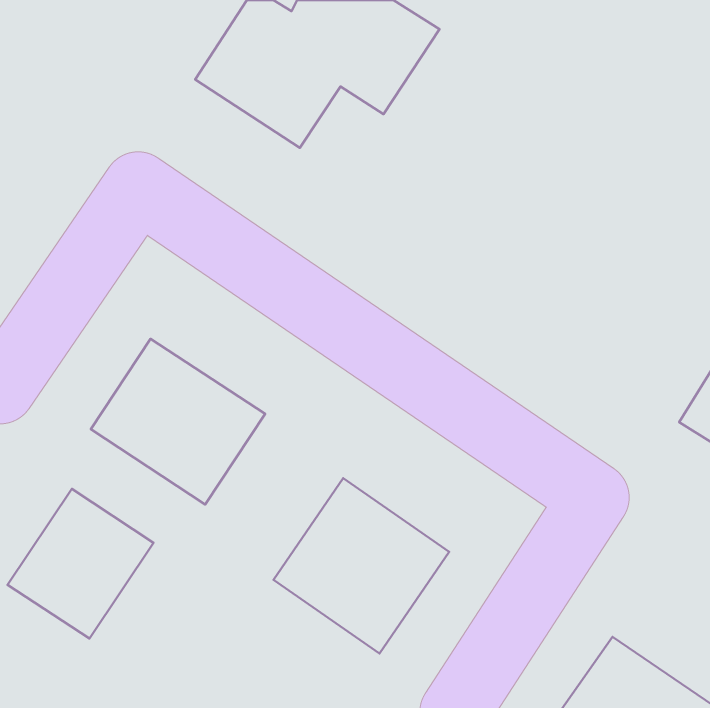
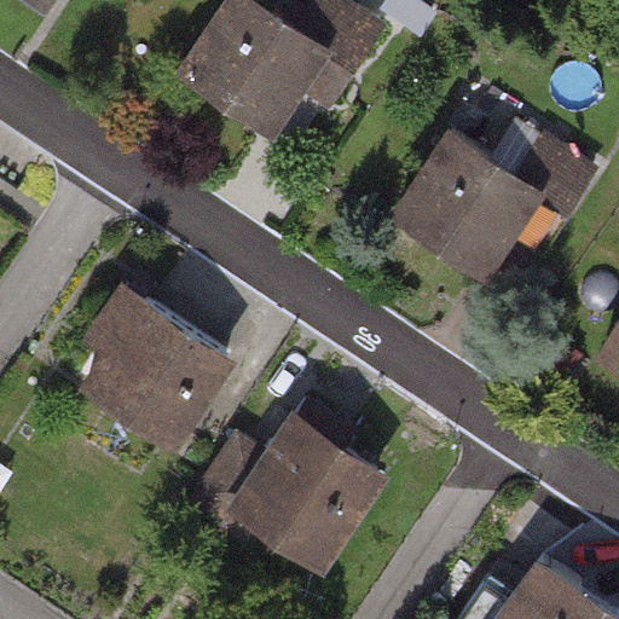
building: none -> [383,114,595,279]
building: [8,489,153,638] -> none

